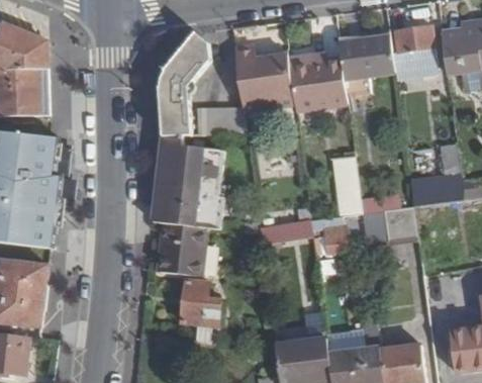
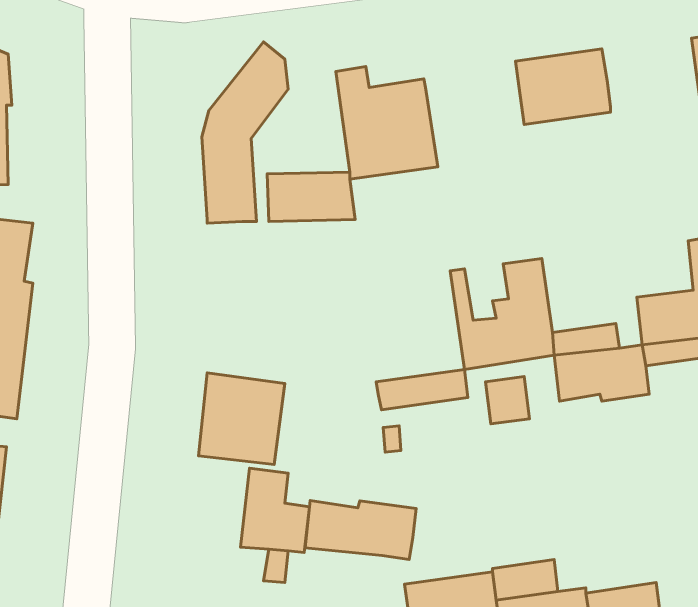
building: [391,26,436,70] -> none
building: [287,56,346,104] -> none
building: [152,135,221,229] -> none
building: none -> [305,500,416,559]

